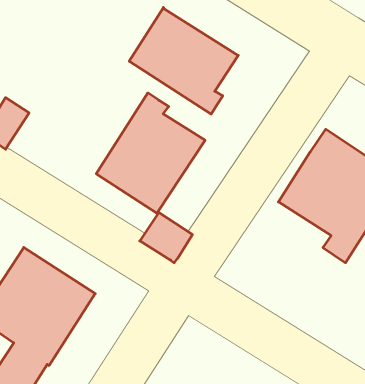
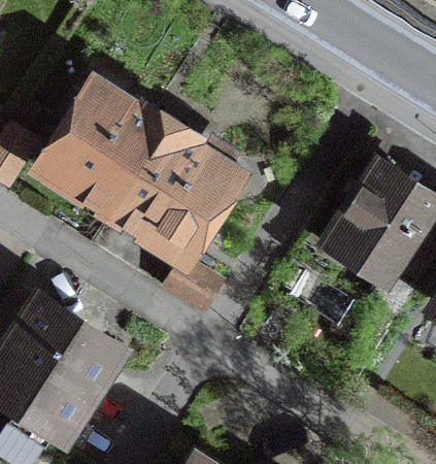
building: [129,7,238,114] -> none
building: none -> [42,81,171,209]

